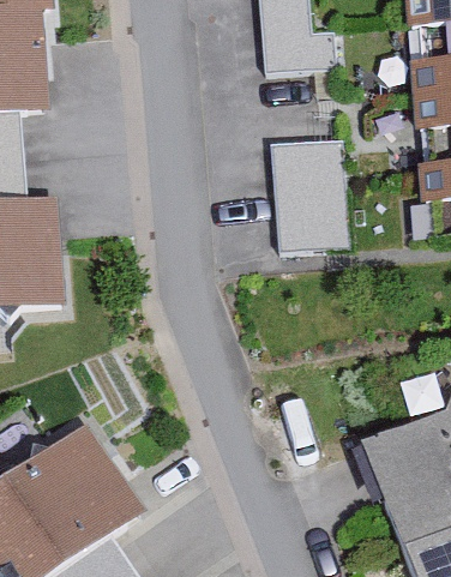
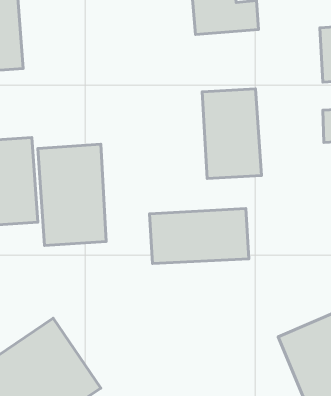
building: none -> [38,144,106,246]
building: none -> [149,208,249,263]

